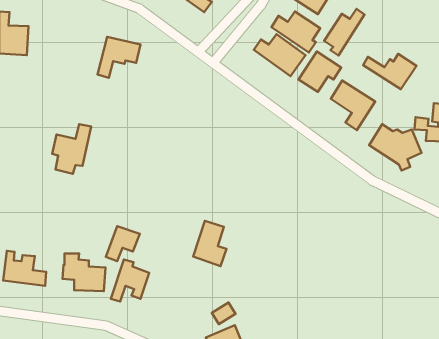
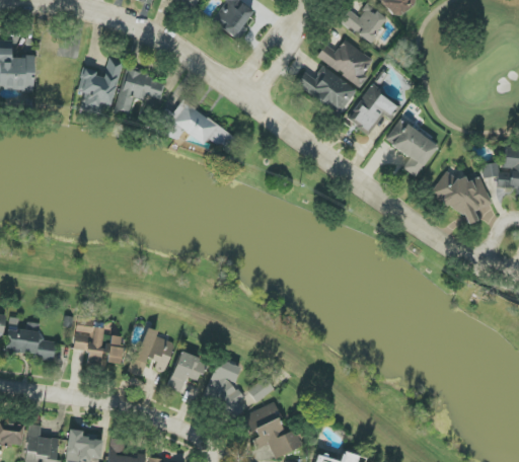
building: [324,9,365,55] -> none
building: [363,54,416,89] -> none
building: none -> [161,100,238,153]
building: [52,124,91,174] -> [77,57,123,114]
building: [193,221,227,266] -> [204,359,242,411]
building: [106,226,140,261] -> [167,352,207,392]

